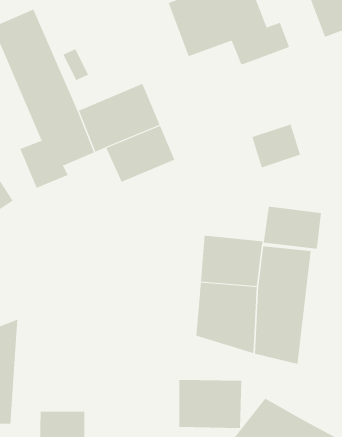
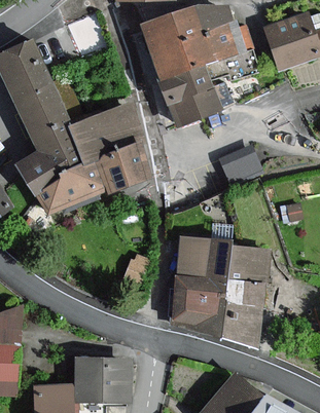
building: none -> [158,69,226,127]
building: none -> [34,160,107,217]
building: [263,206,322,249] -> none
building: [179,379,242,429] -> [76,360,131,402]

